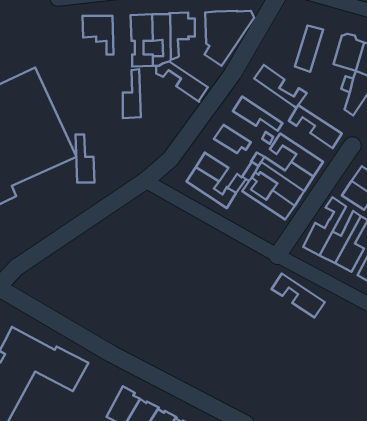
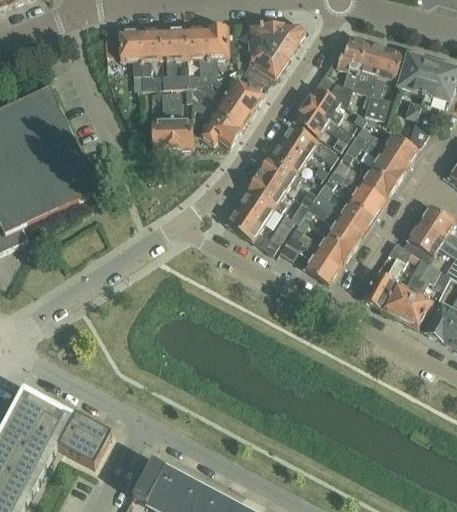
building: none -> [140,28,163,89]
building: none -> [316,35,367,107]
building: none -> [364,45,403,120]
building: none -> [206,74,263,112]
building: none -> [294,102,351,151]
building: none -> [199,111,241,145]
building: none -> [356,126,418,166]
building: none -> [269,140,307,173]
building: none -> [335,160,396,199]
building: [76,135,95,183] -> [171,91,193,147]
building: none -> [247,172,286,210]
building: [271,274,325,317] -> [279,233,341,284]

